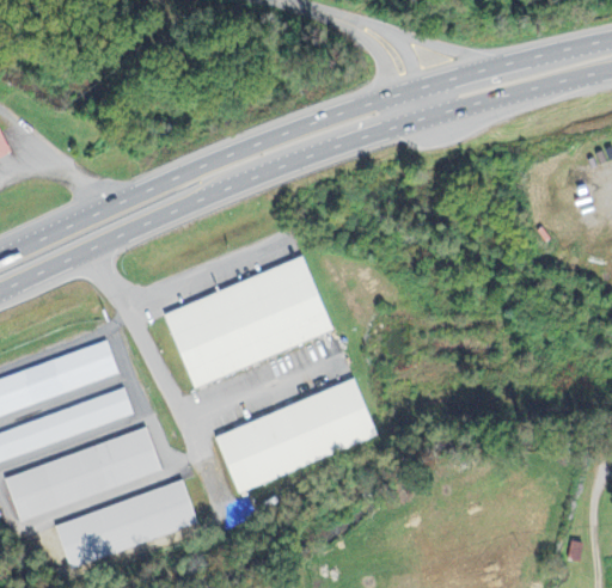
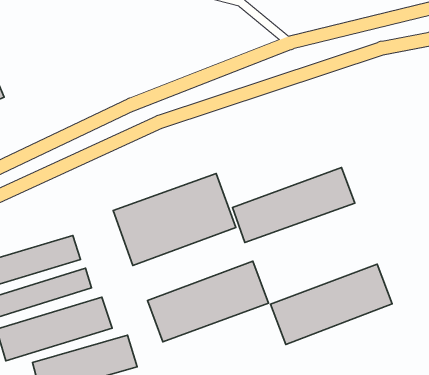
building: none -> [232,168,355,243]
building: none -> [270,264,392,345]

